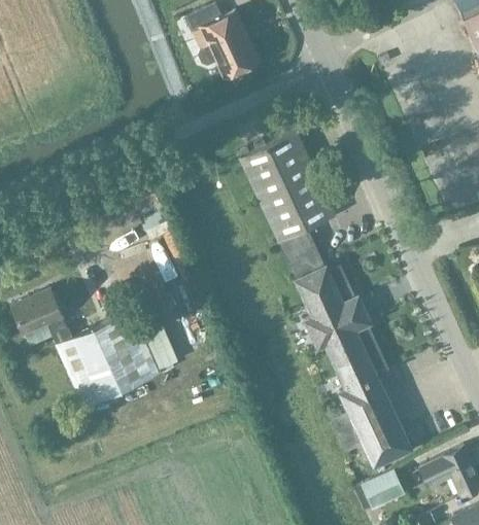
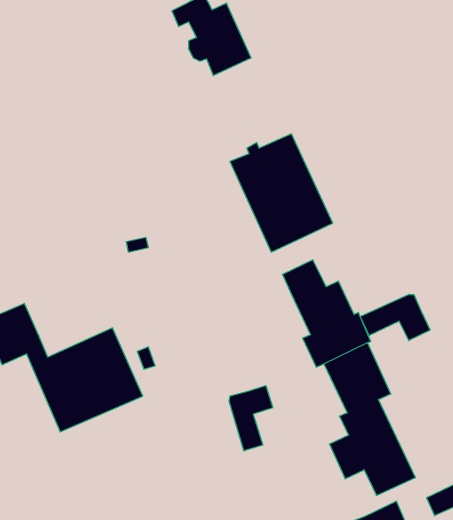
building: [277,227,315,261] -> none
building: none -> [360,294,430,341]
building: none -> [229,386,273,451]

